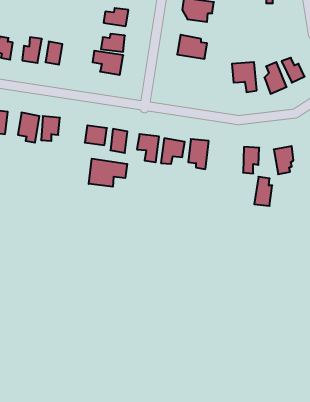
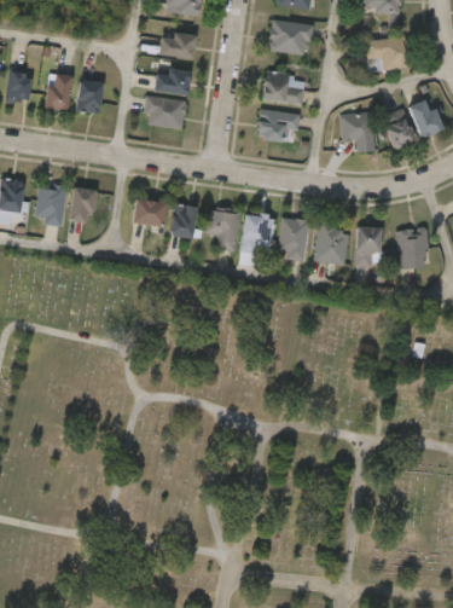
building: none -> [366,36,400,71]
building: none -> [257,108,301,143]
building: [89,159,127,187] -> none
building: [254,177,272,206] -> [316,218,342,259]

